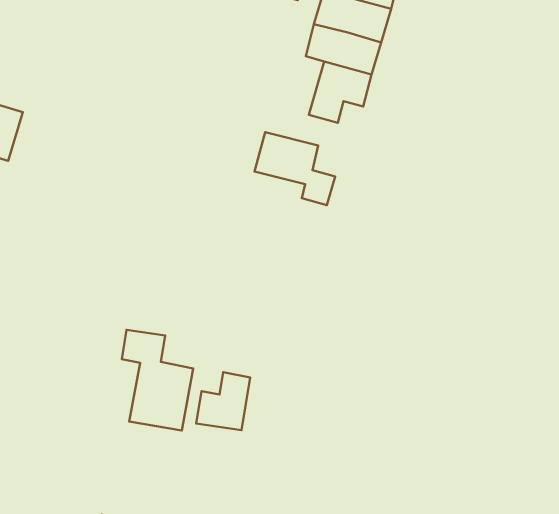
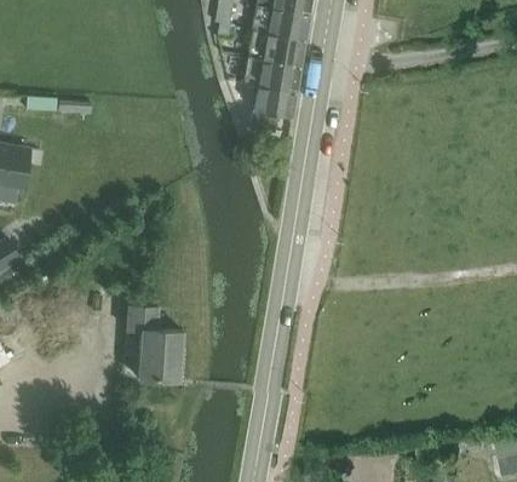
building: [254,132,335,205] -> none
building: [196,372,250,430] -> none

